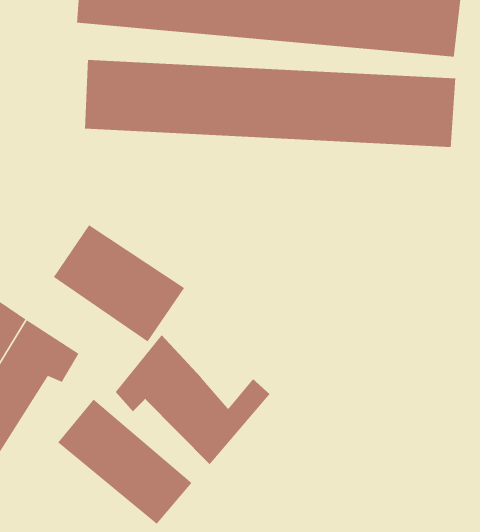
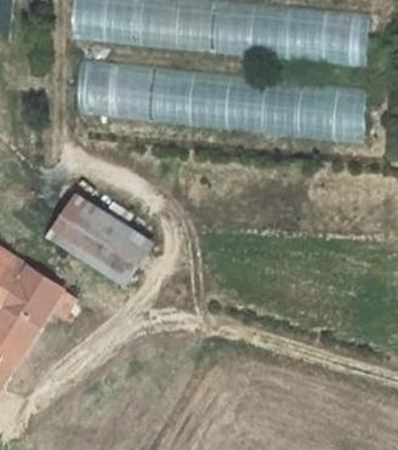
building: [115,334,270,465] -> none
building: [57,399,192,525] -> none

